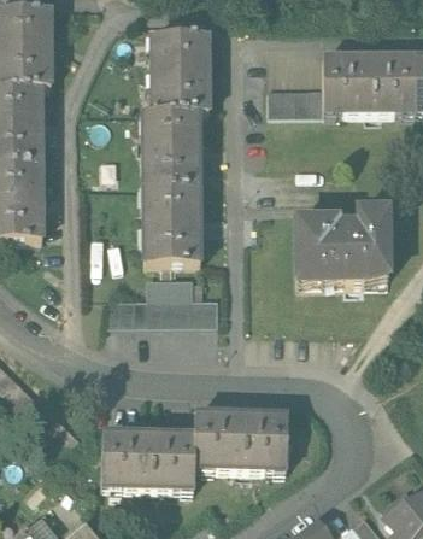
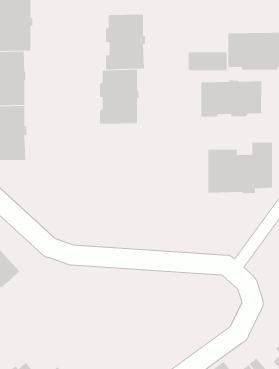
building: none -> [201,80,262,118]
building: [145,186,201,263] -> none
building: [108,276,219,322] -> none
building: [102,414,288,488] -> none

